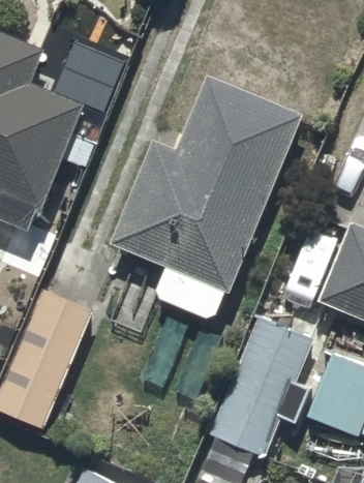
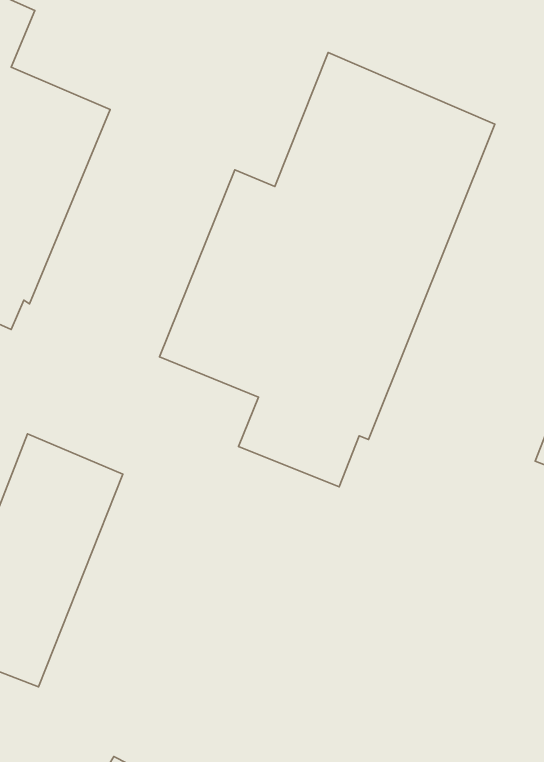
building: [205,315,316,462] -> none

